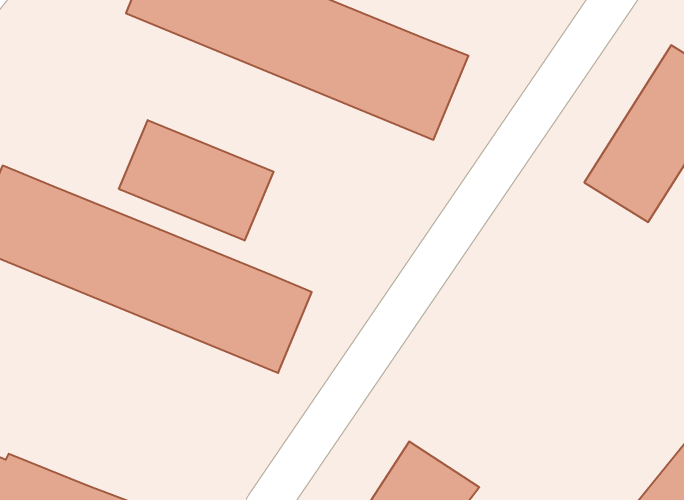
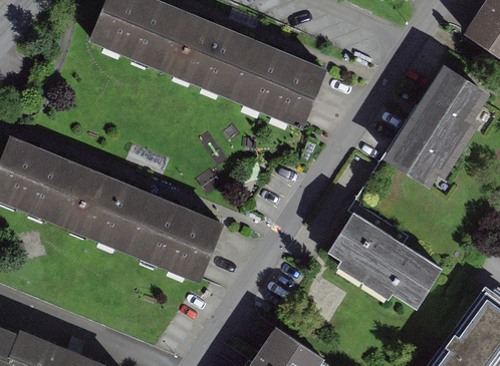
building: [119,120,274,241] -> none
building: none -> [330,211,438,300]

